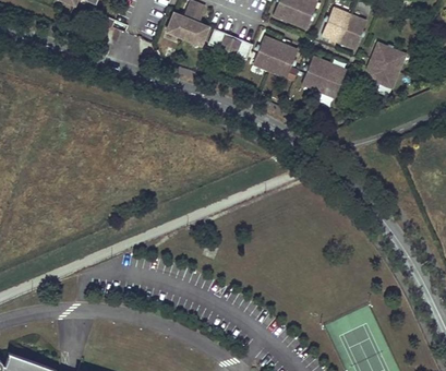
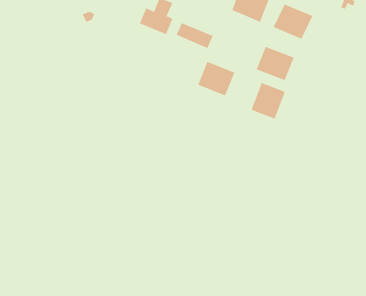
building: [254,37,298,77] -> [197,61,235,96]
building: [364,43,407,87] -> none
building: none -> [251,82,285,119]

